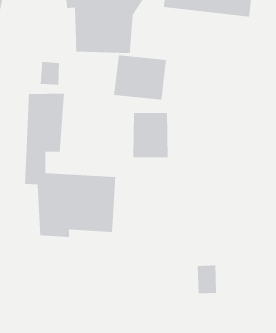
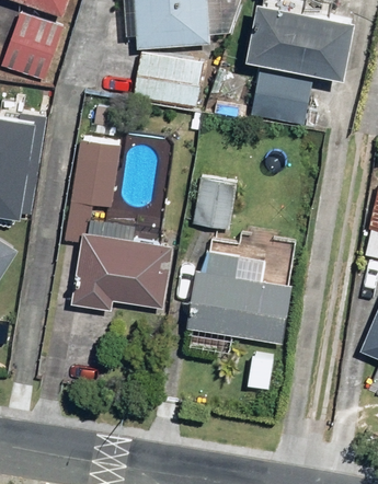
building: [113,55,167,101] -> [250,69,314,126]
building: none -> [188,251,293,358]

